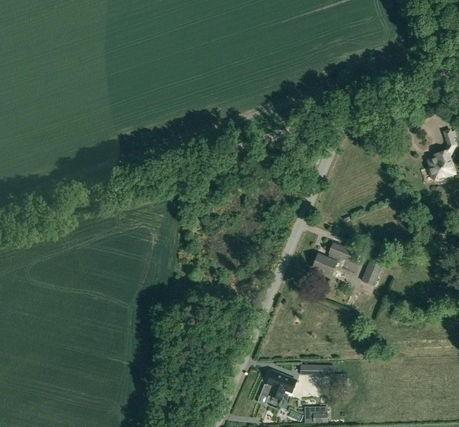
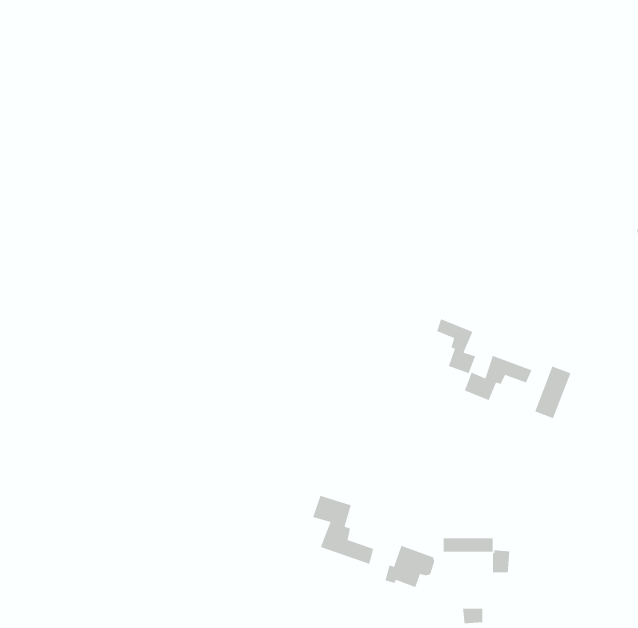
building: none -> [436,318,476,374]
building: none -> [312,495,374,565]

